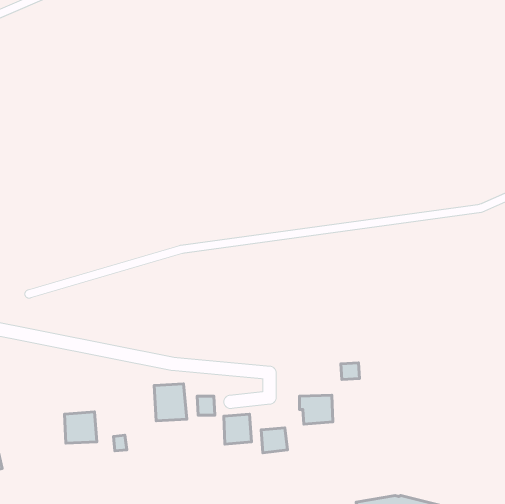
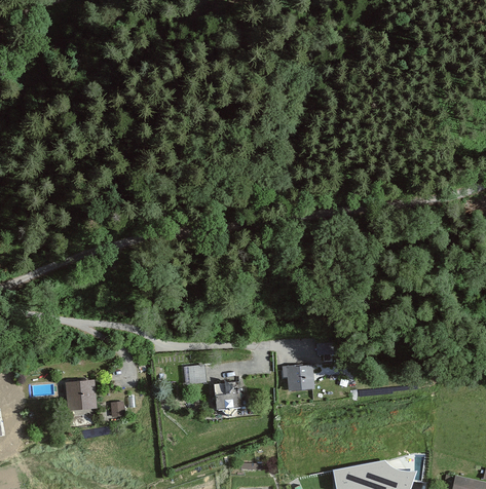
building: [154,384,187,421] -> none
building: [261,428,287,453] -> none

